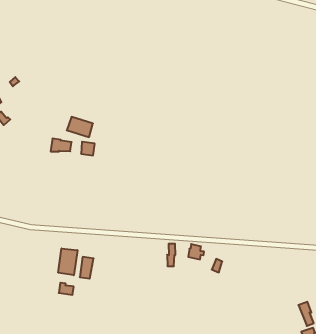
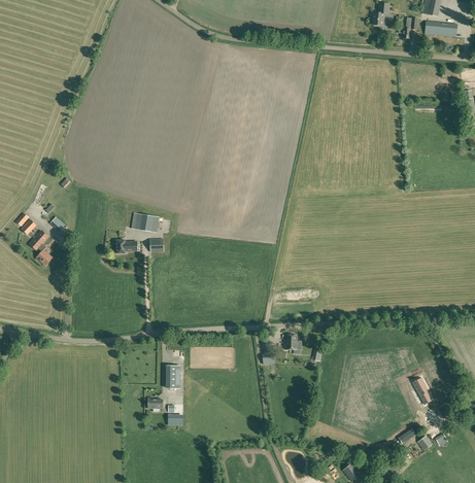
building: [58,248,77,275] -> none

